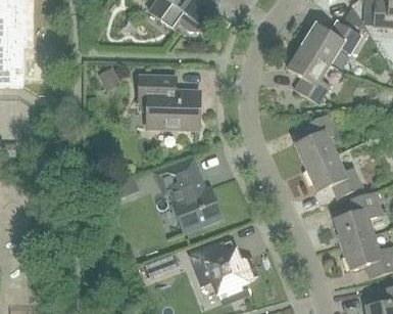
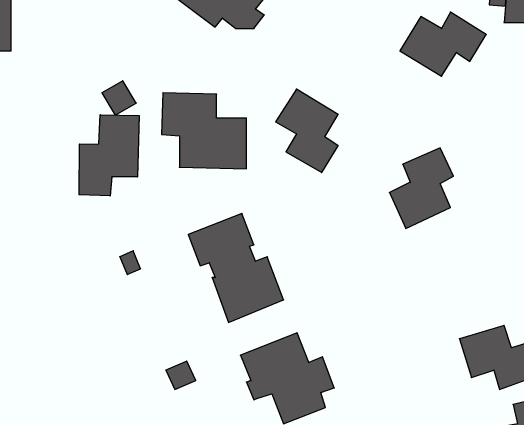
building: [286,47,329,104] -> [276,89,338,173]
building: none -> [79,115,139,196]
building: [304,154,361,198] -> none
building: [333,191,381,244] -> none

